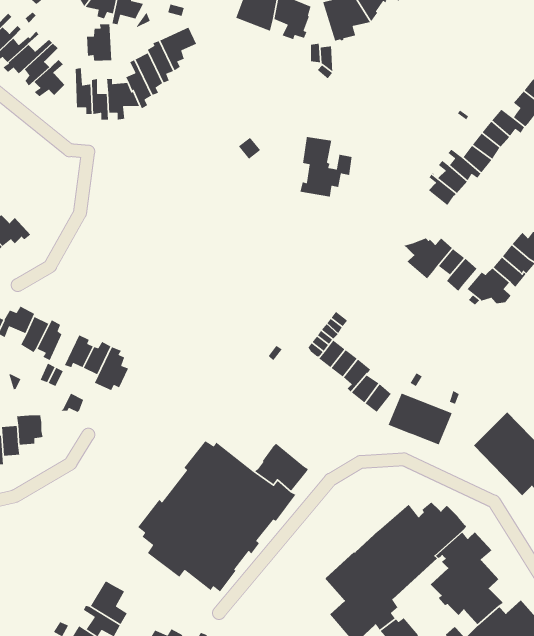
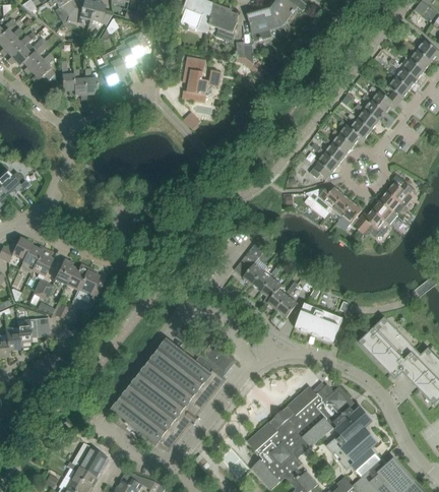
building: [86,23,112,61] -> none
building: [299,136,352,197] -> [182,56,222,102]
building: none -> [310,142,339,178]

